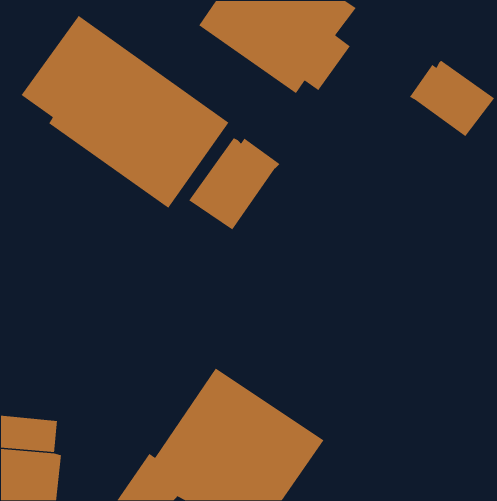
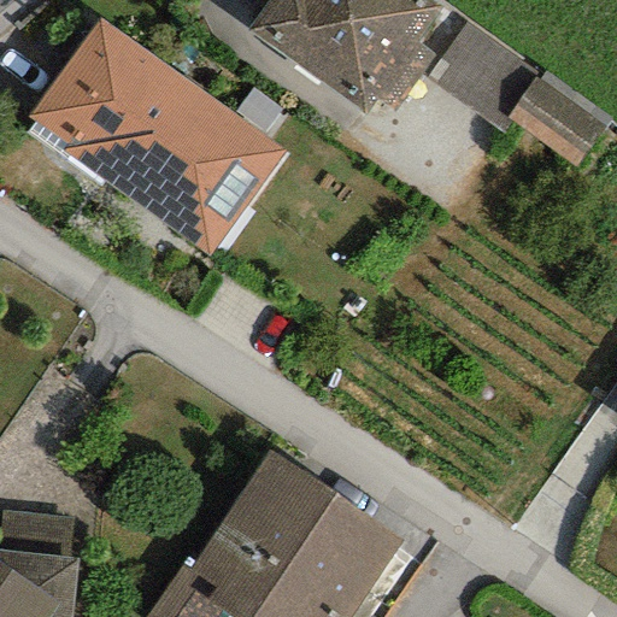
building: none -> [428,23,543,135]
building: [188,137,280,230] -> none

